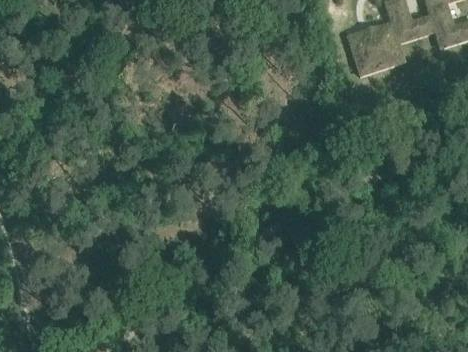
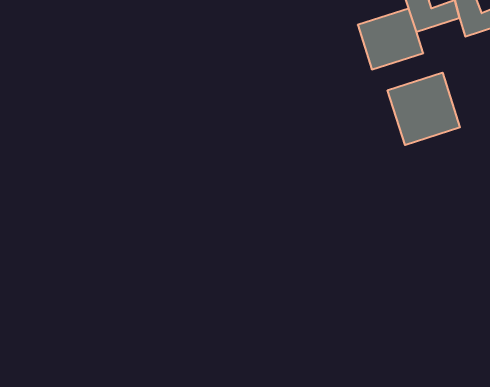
building: none -> [388,73,460,145]

